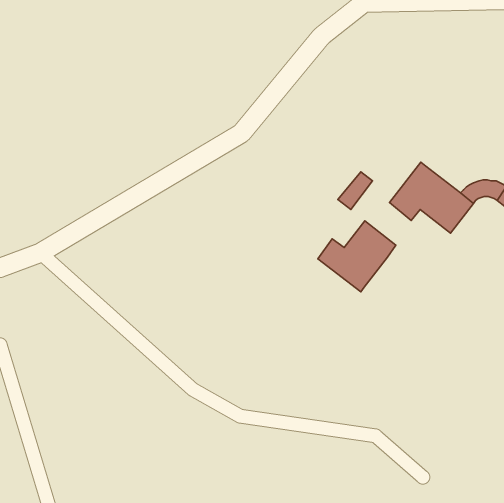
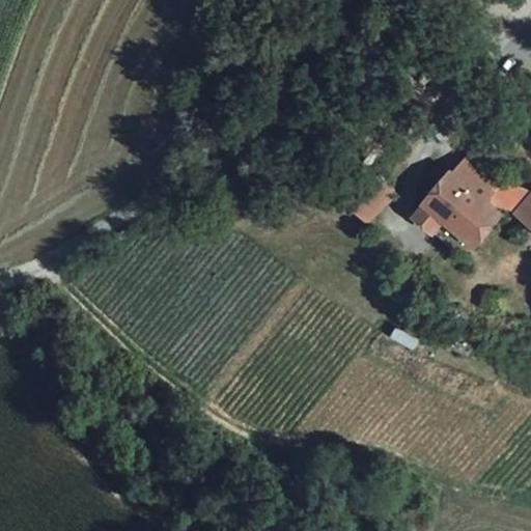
building: none -> [448,155,498,204]
building: [318,221,396,292] -> none

